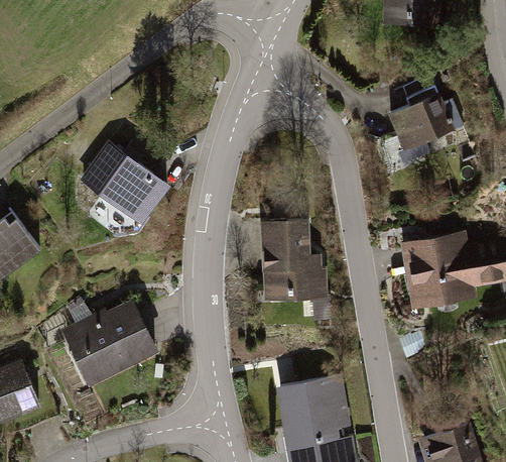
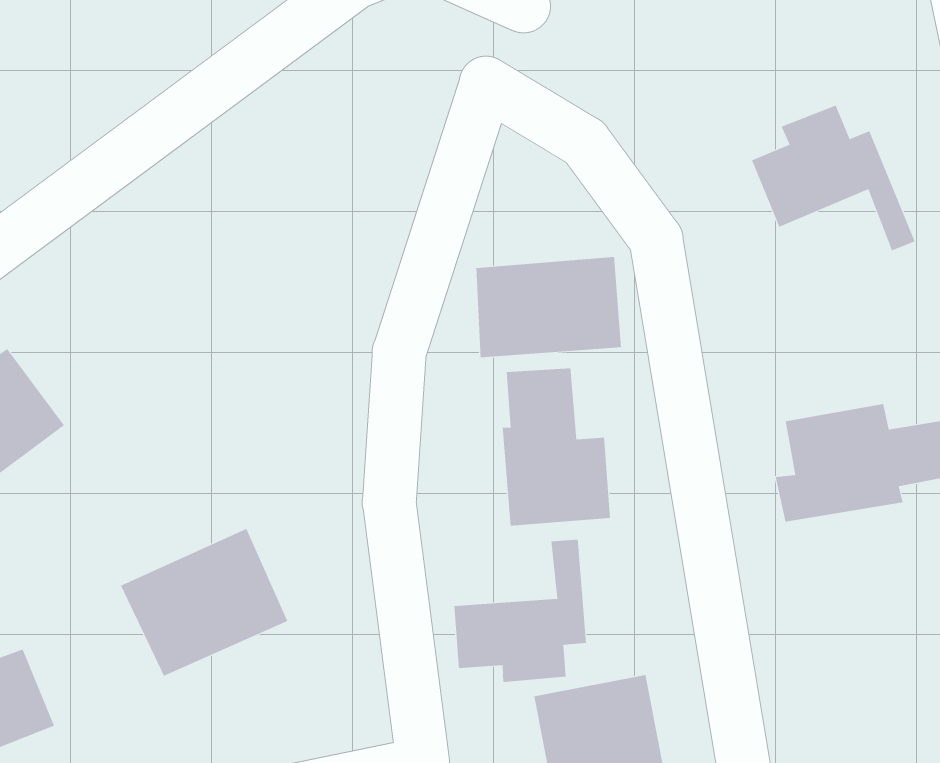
building: [86,145,164,219] -> none
building: none -> [476,256,622,358]
building: none -> [454,539,586,683]

